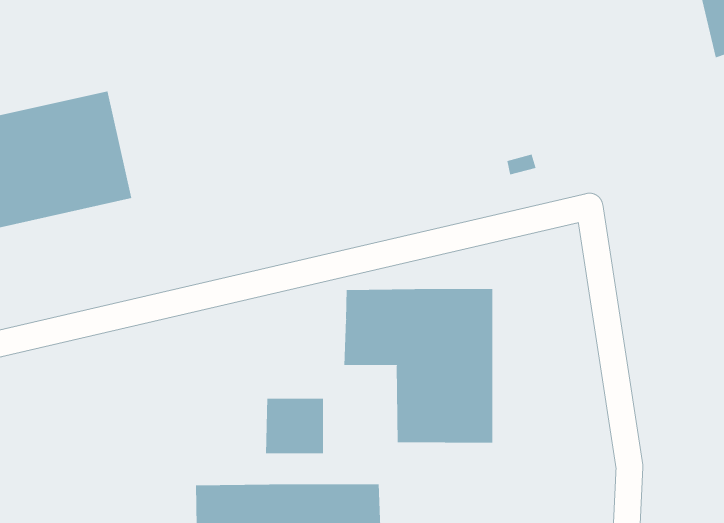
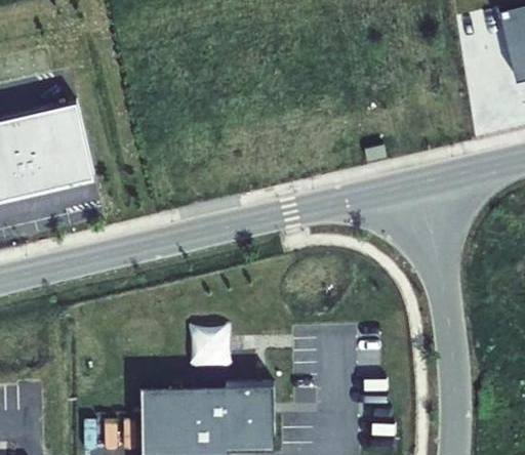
building: [344,288,493,444] -> none

